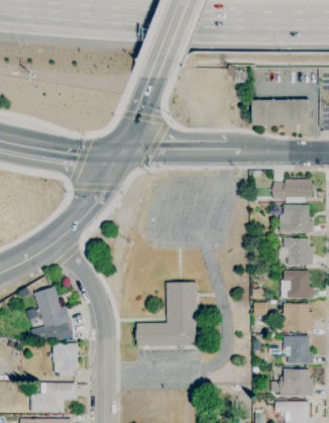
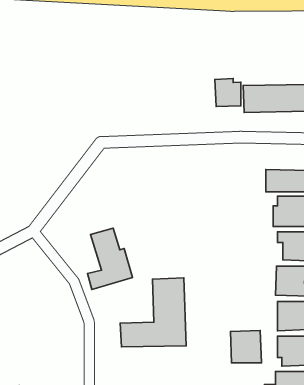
building: none -> [215,78,241,106]
building: [31,287,74,344] -> [87,228,133,289]
building: none -> [230,331,261,363]
building: [53,343,78,377] -> none

